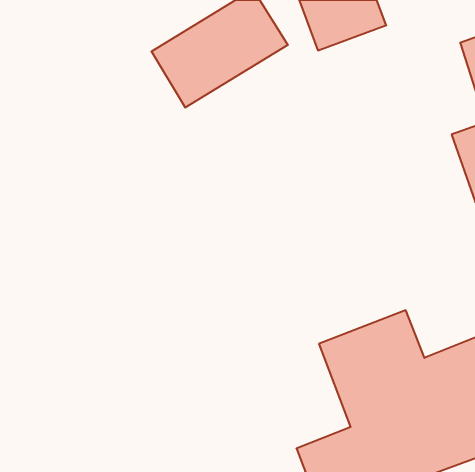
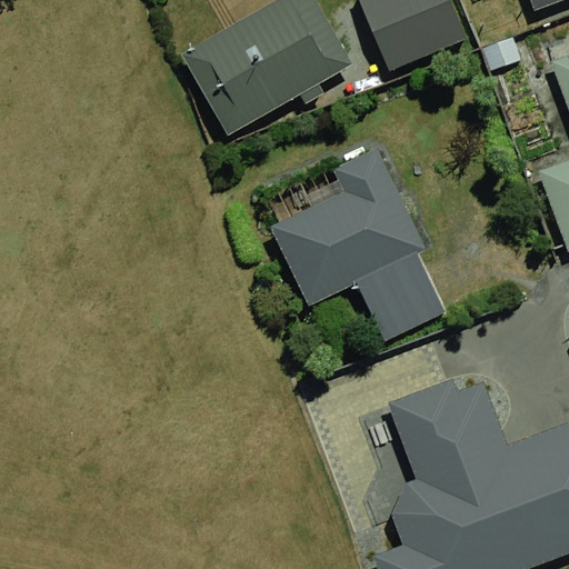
building: none -> [279,172,459,336]

